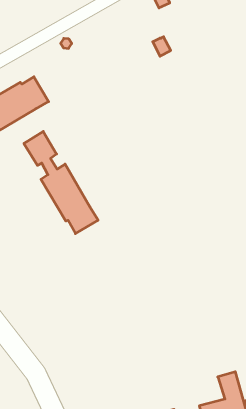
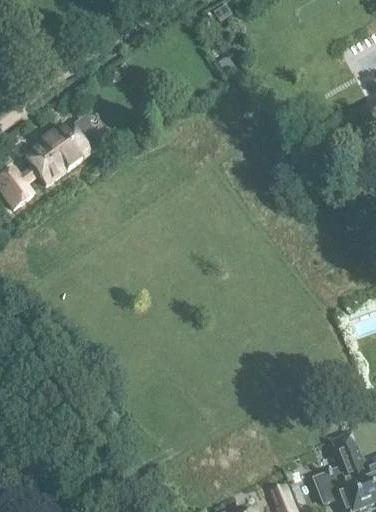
building: [24,131,98,234] -> none

